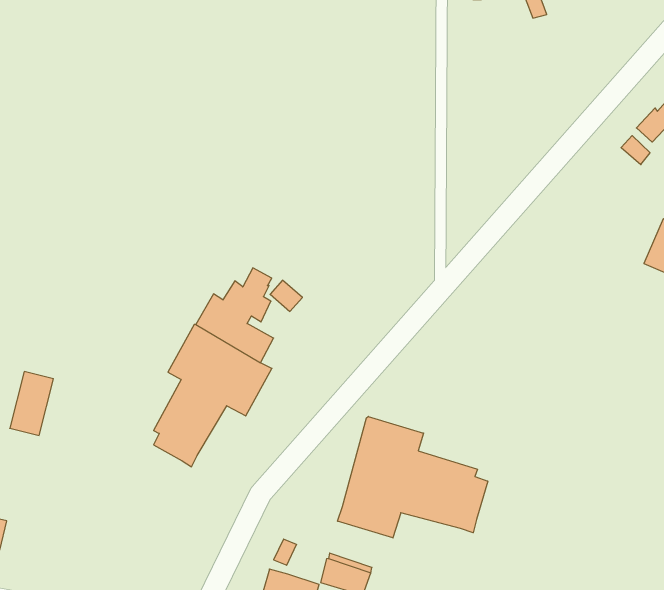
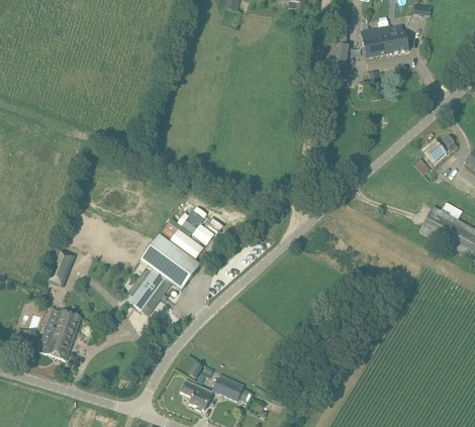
building: [338,416,488,538] -> none
building: none -> [38,309,82,360]

